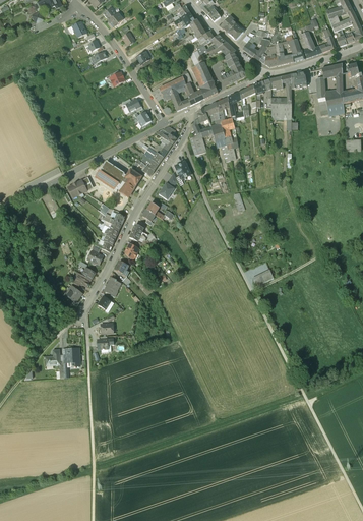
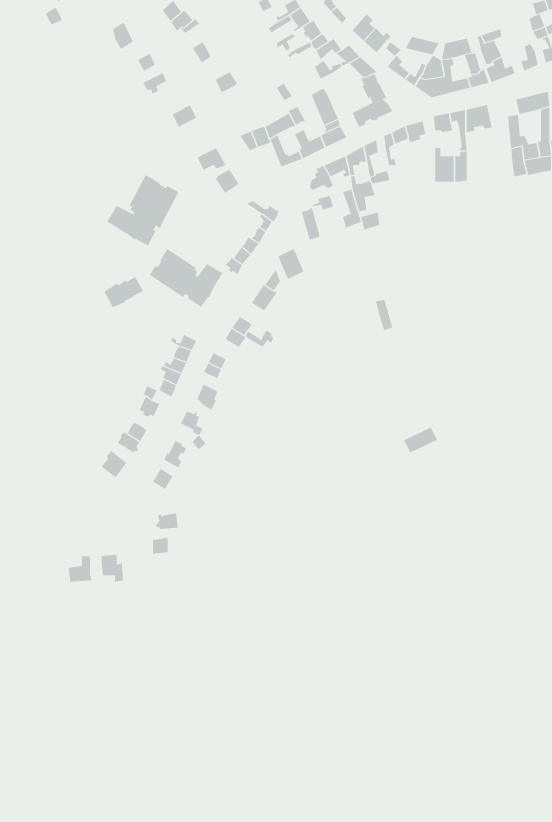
building: none -> [106,174,179,246]

